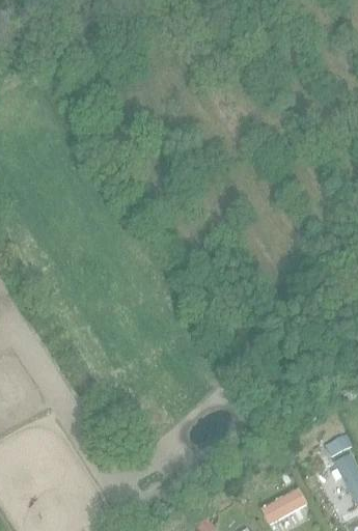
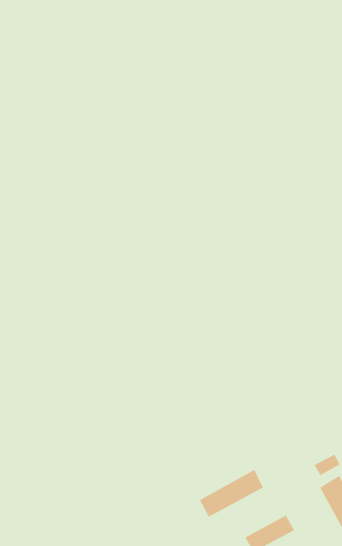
building: none -> [199,469,264,518]

